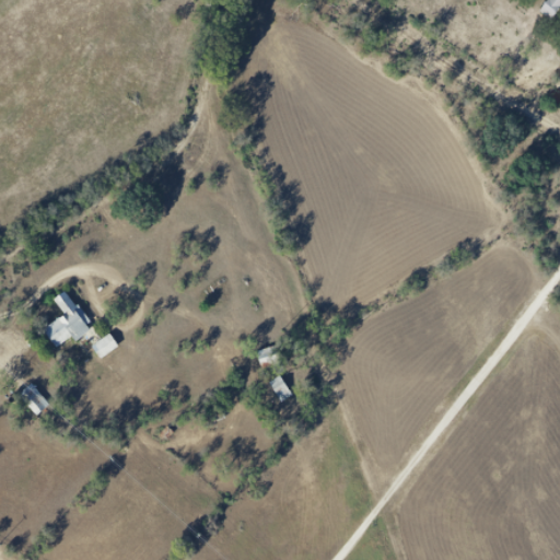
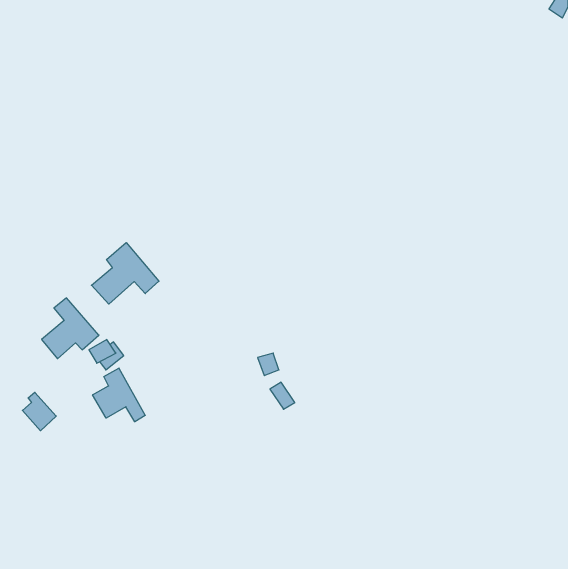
building: none -> [91,243,159,304]
building: none -> [93,368,145,422]

